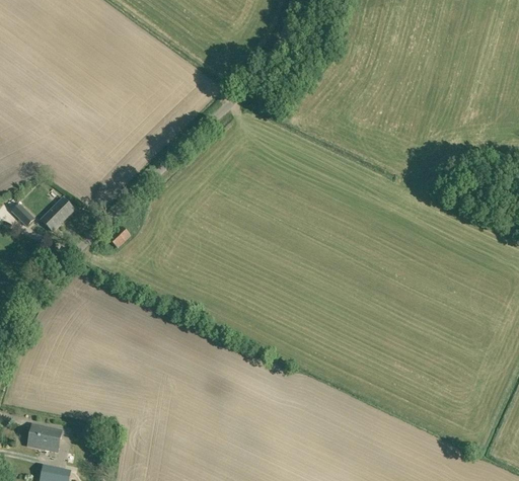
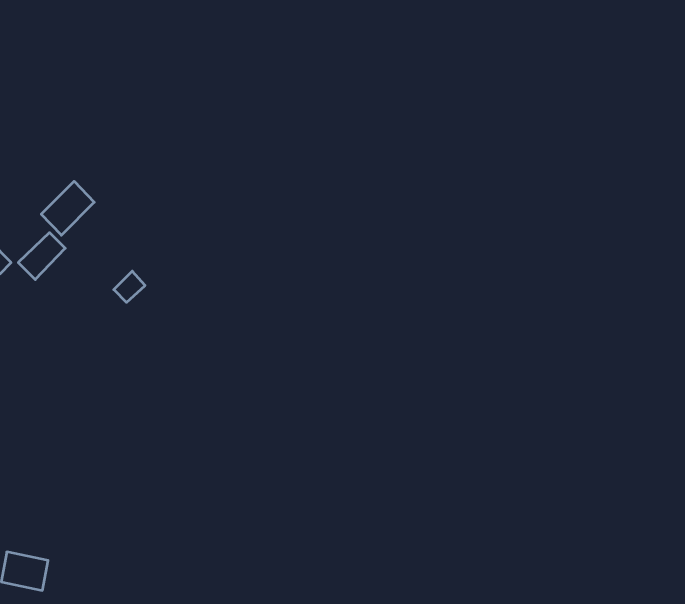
building: none -> [41,181,94,235]

